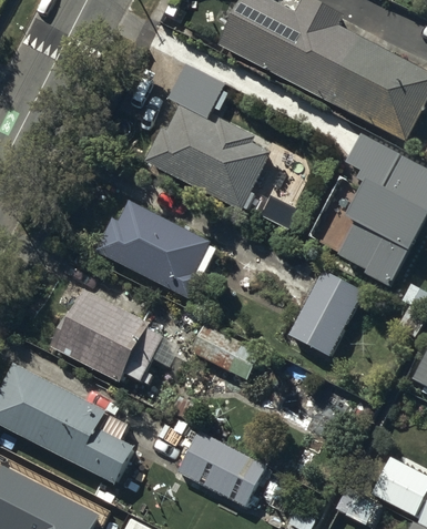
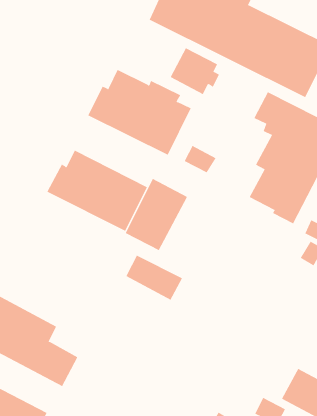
building: [166,60,226,116] -> [170,47,220,95]
building: [288,268,364,355] -> [125,178,188,251]
building: [47,293,161,384] -> none
building: [177,430,265,506] -> none

